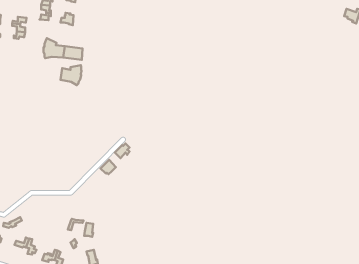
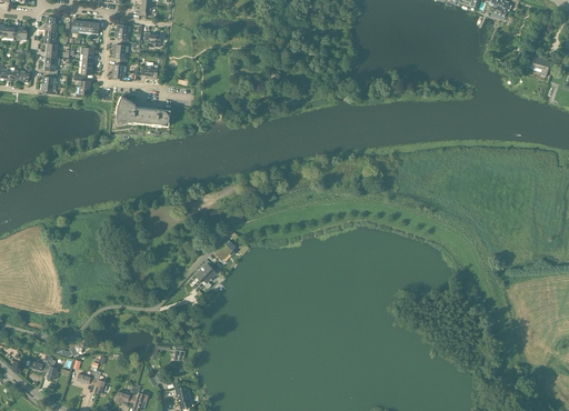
building: [61,65,81,85] -> none

